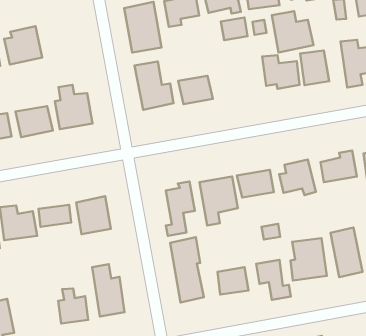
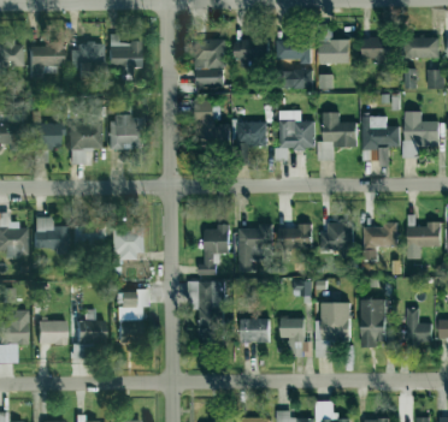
building: [272,11,313,53] -> [279,111,316,149]
building: none -> [110,34,142,76]
building: none -> [39,320,67,344]

